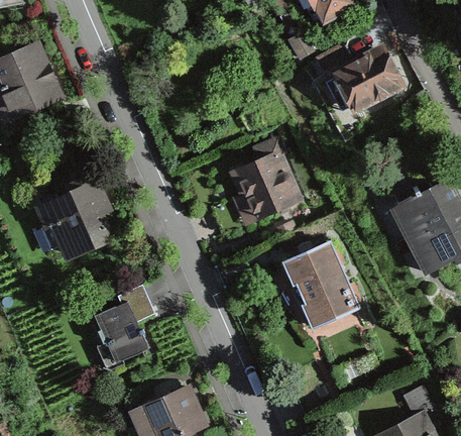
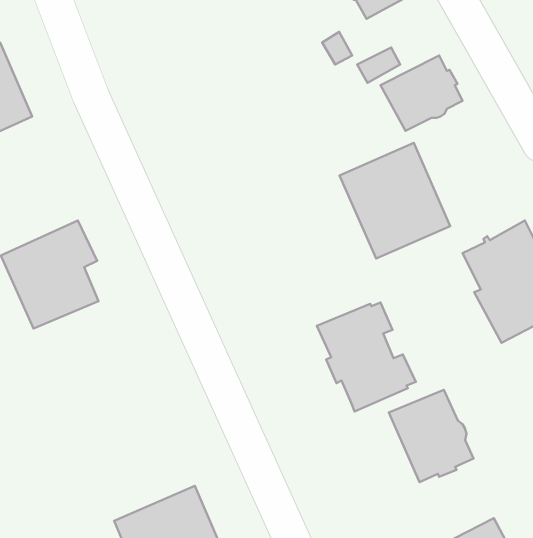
building: [217,137,303,227] -> [340,143,450,259]
building: [93,286,153,364] -> none
building: none -> [389,390,474,482]

